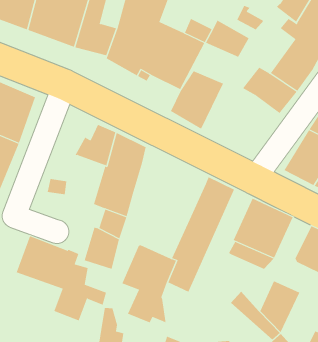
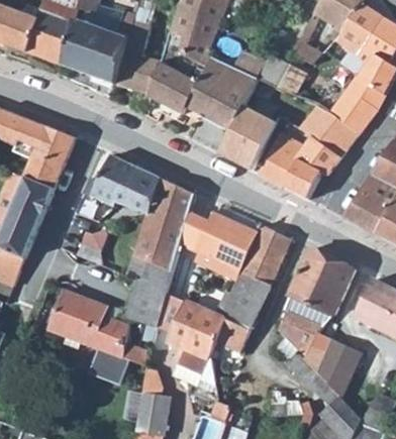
building: none -> [258,132,339,199]
building: none -> [83,154,139,207]
building: none -> [179,210,258,272]
building: none -> [276,311,332,372]

